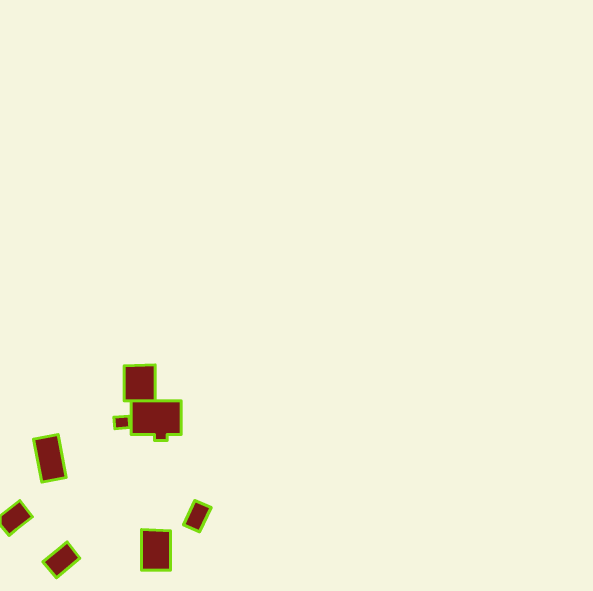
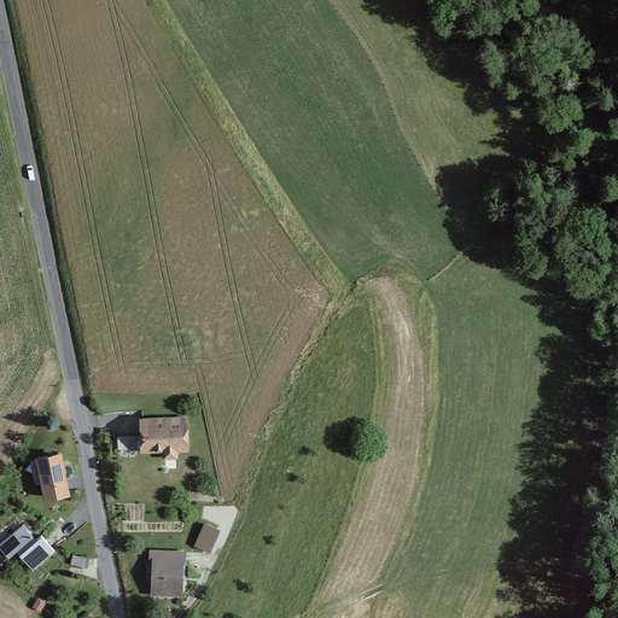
building: [124,365,155,401] -> none
building: [43,542,80,578] -> [17,531,56,569]

